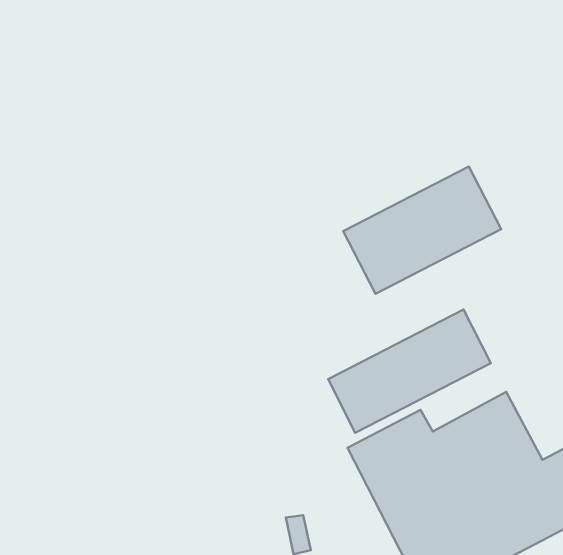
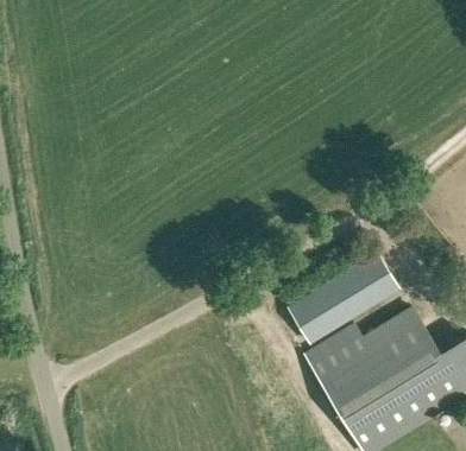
building: [343,167,501,294] -> none

